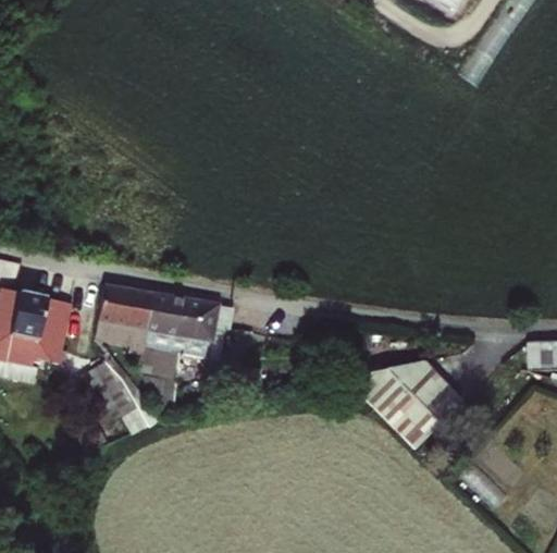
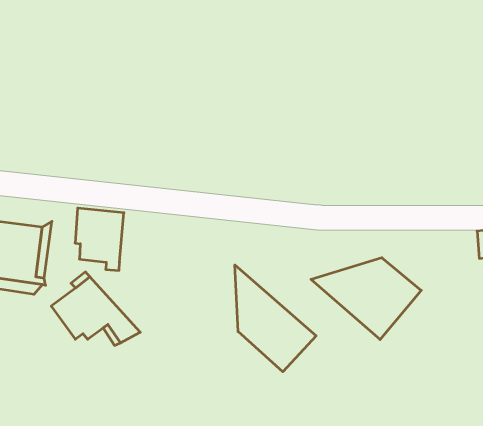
building: [141,292,216,415] -> none
building: none -> [235,265,316,372]

